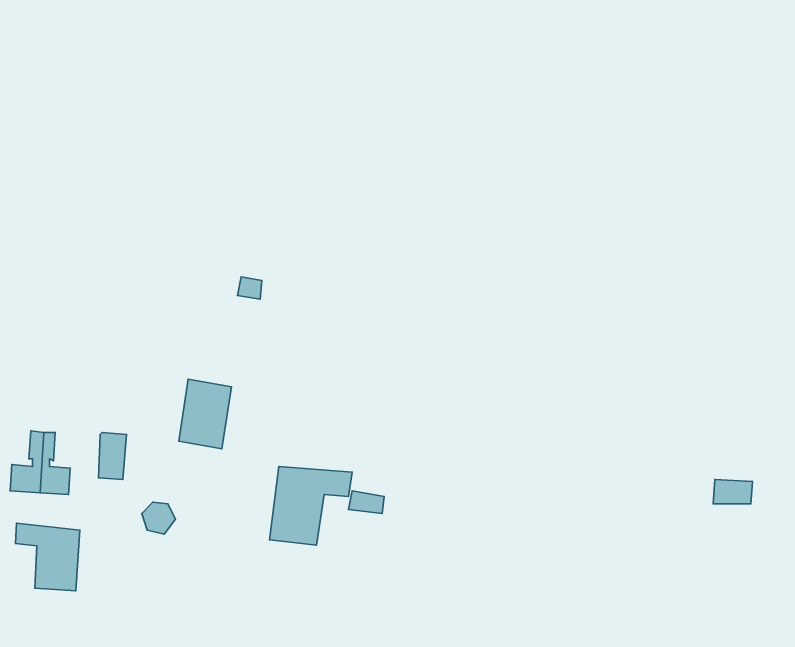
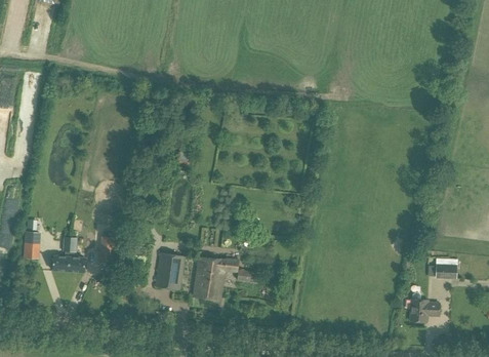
building: [179,379,231,449] -> [155,252,184,290]
building: [16,523,80,591] -> none
building: none -> [409,291,439,322]

